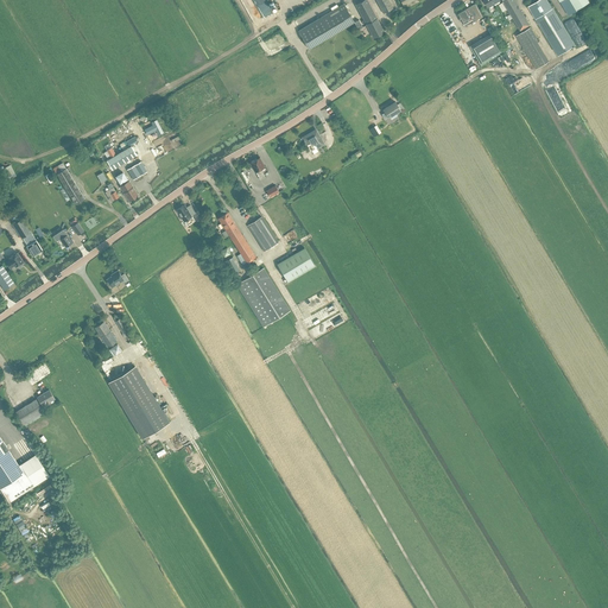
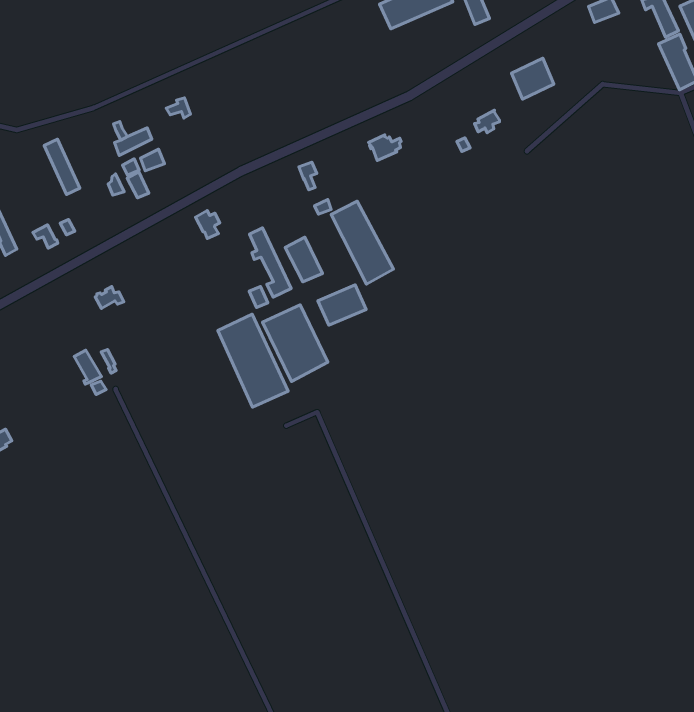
building: [469,32,502,65] -> [512,58,554,99]
building: none -> [331,201,393,284]
building: [108,367,167,438] -> [218,314,288,407]

